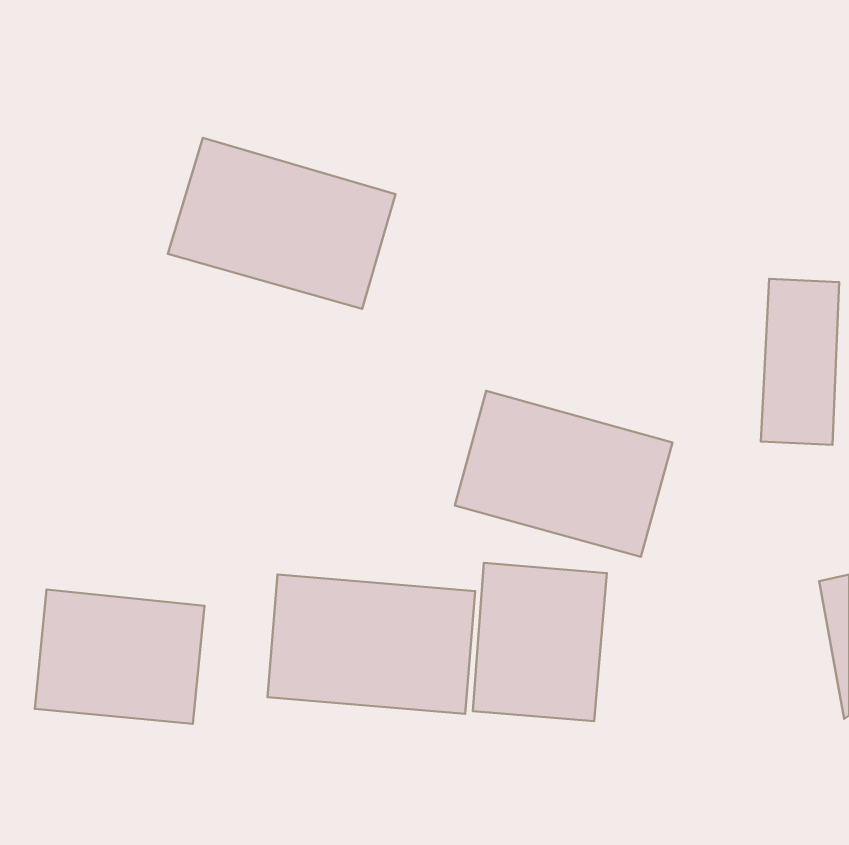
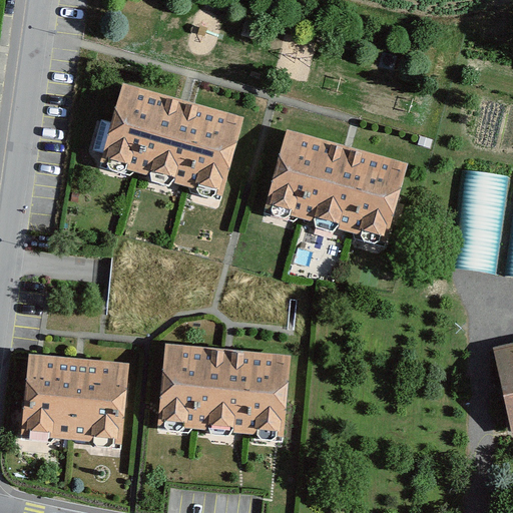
building: [455,391,672,557] -> [269,131,400,231]
building: [473,563,607,721] -> none

